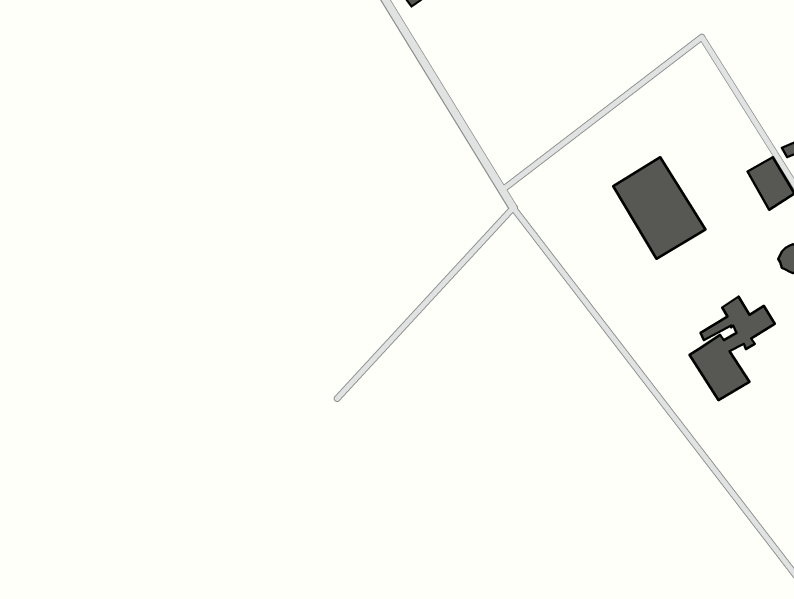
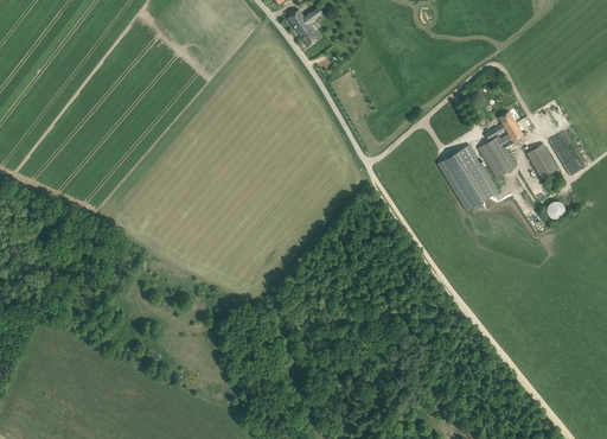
building: [689,297,775,400] -> [478,110,533,178]

